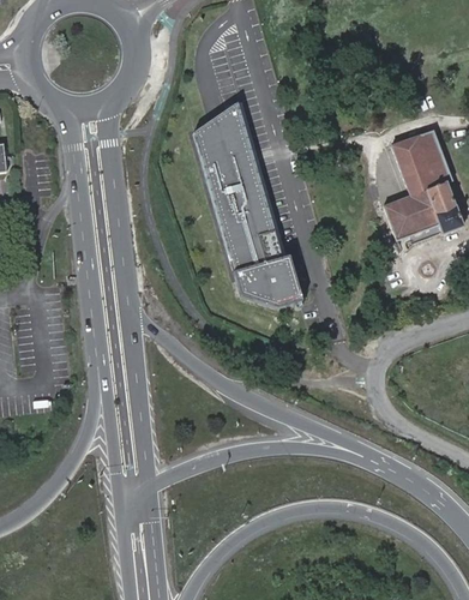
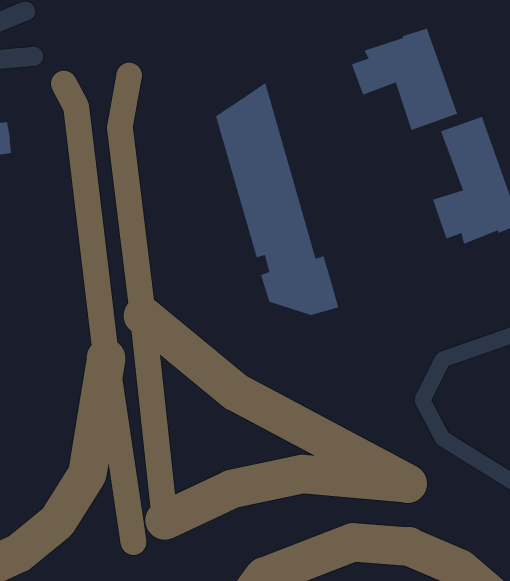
building: none -> [351,28,458,131]

